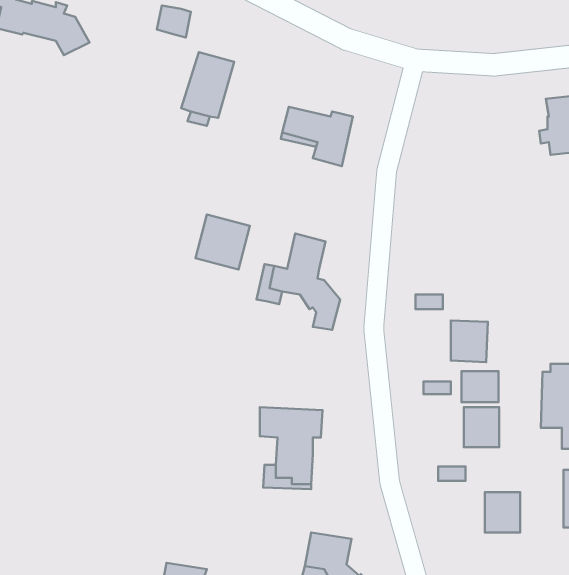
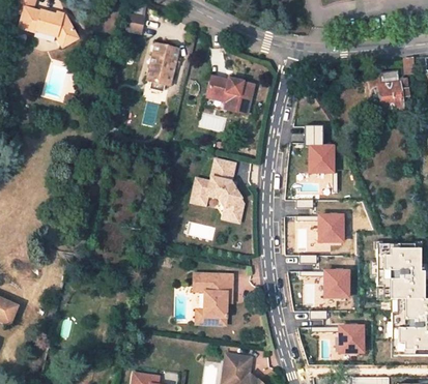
building: none -> [303,125,332,172]
building: [195,215,250,270] -> none
building: [462,371,499,402] -> none

